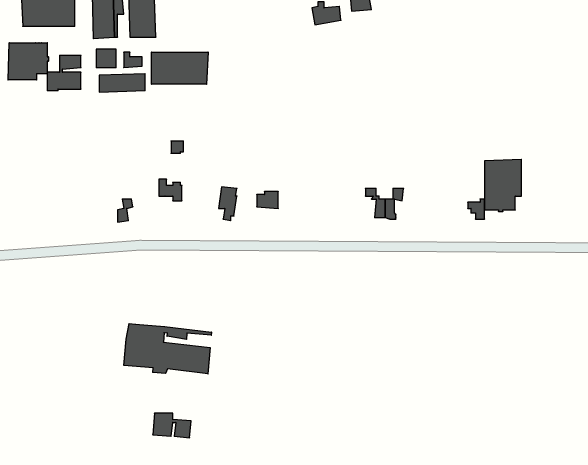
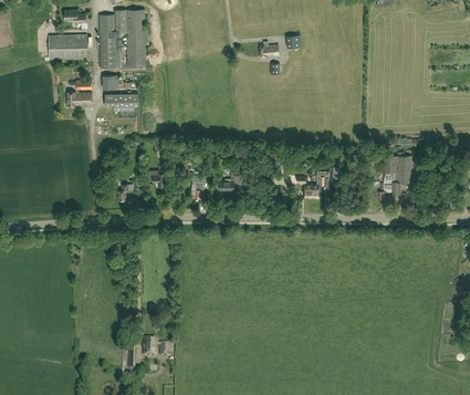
building: [8,43,48,80] -> none
building: [152,52,208,84] -> none
building: [124,324,211,374] -> none

